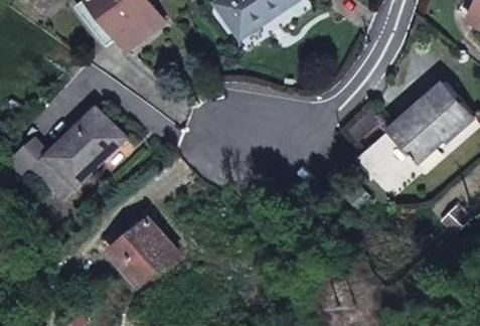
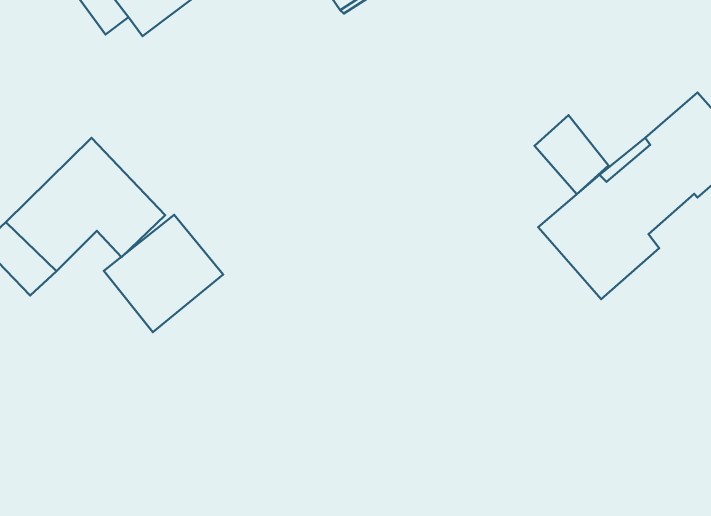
building: none -> [534,115,608,194]
building: [108,217,176,285] -> [104,215,223,332]

